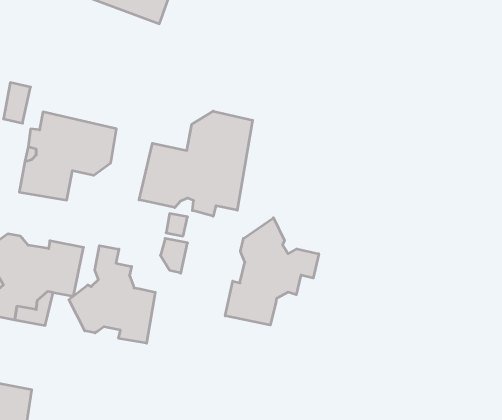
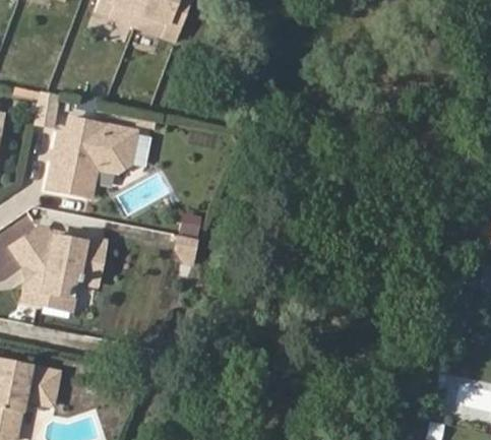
building: [139,111,253,216] -> none
building: [225,218,319,325] -> none
building: [69,246,155,343] -> none

